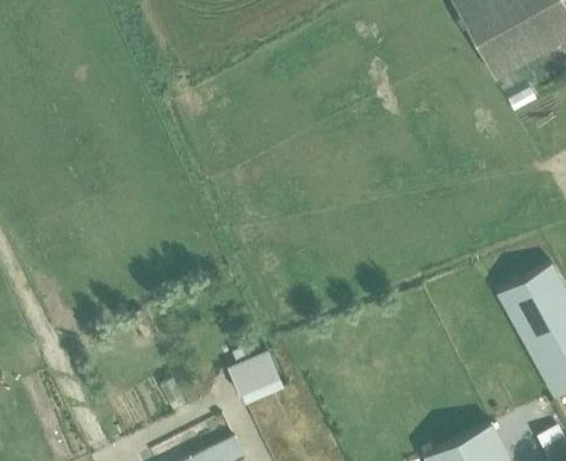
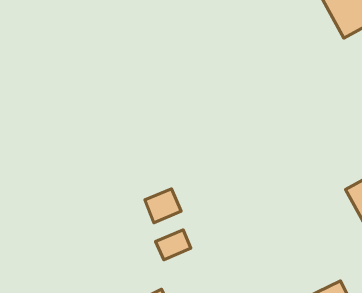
building: none -> [145,189,181,223]

